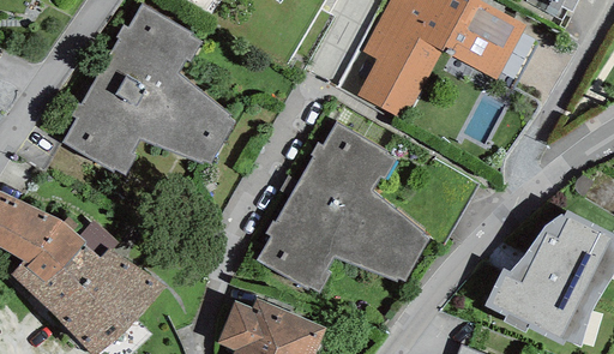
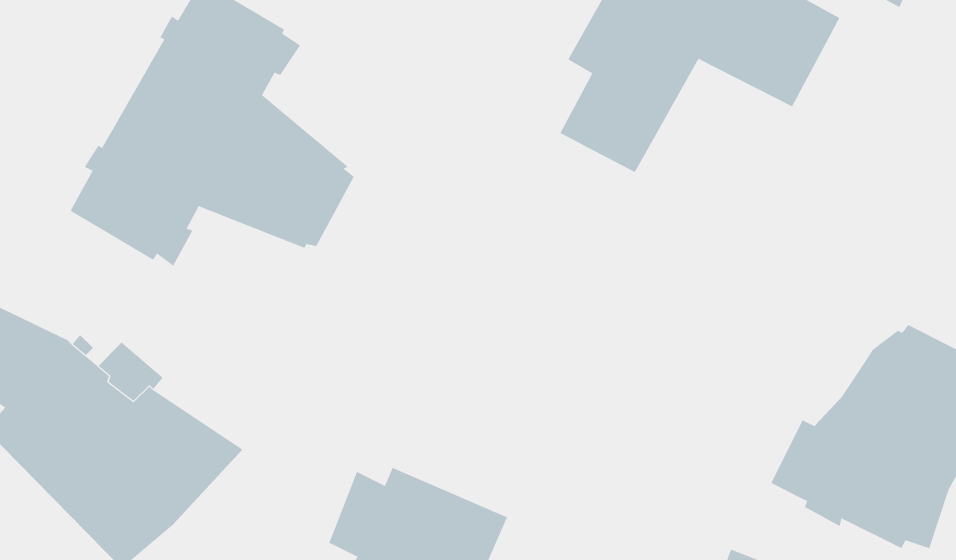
building: [255,121,427,290] -> none

